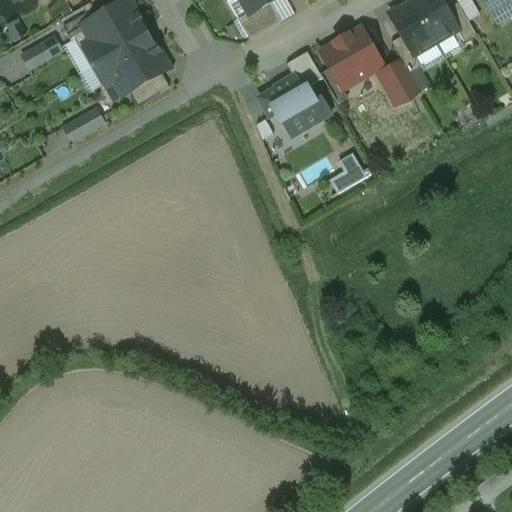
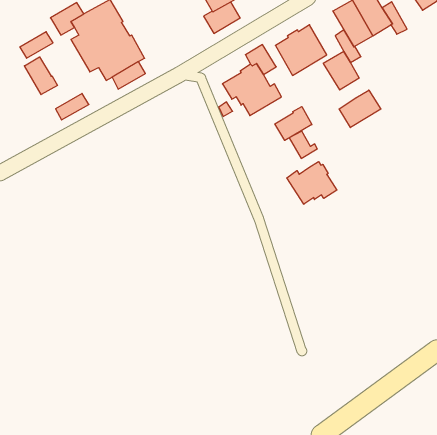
building: none -> [24,57,57,95]
building: none -> [339,90,381,128]
building: none -> [275,107,312,140]
building: none -> [287,162,337,204]

